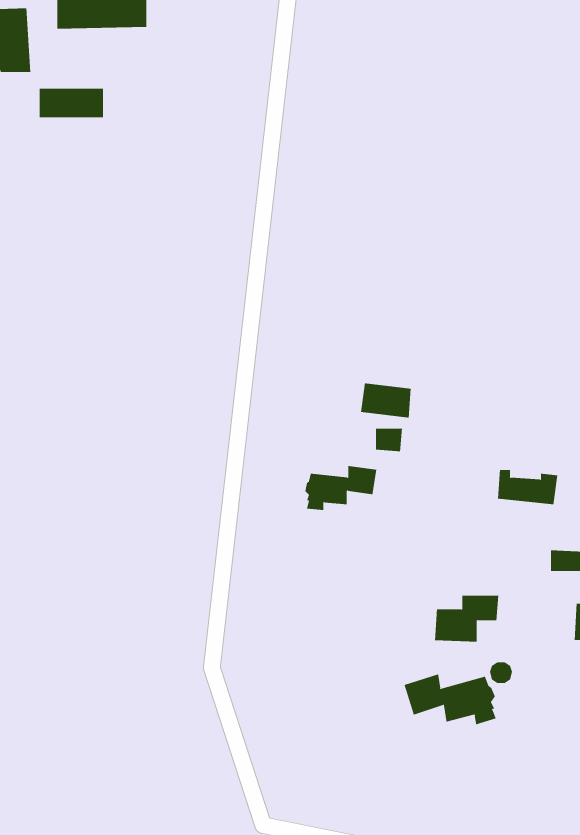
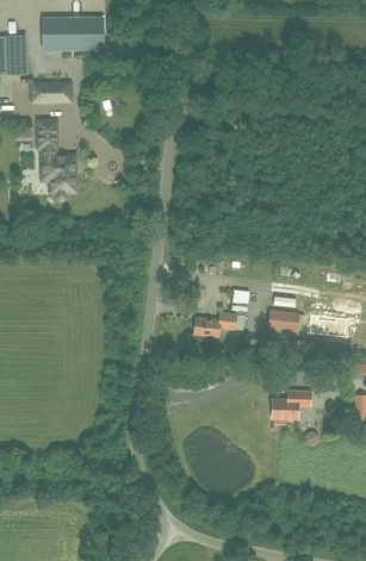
building: none -> [37,119,75,200]
building: [360,383,411,418] -> [267,310,298,331]
building: [404,674,497,725] -> none

